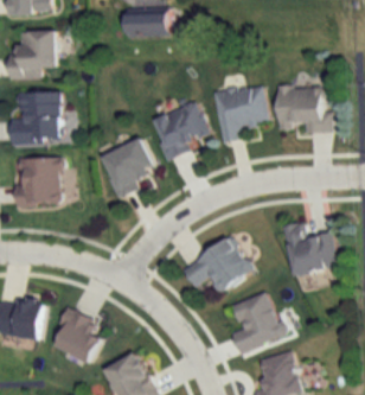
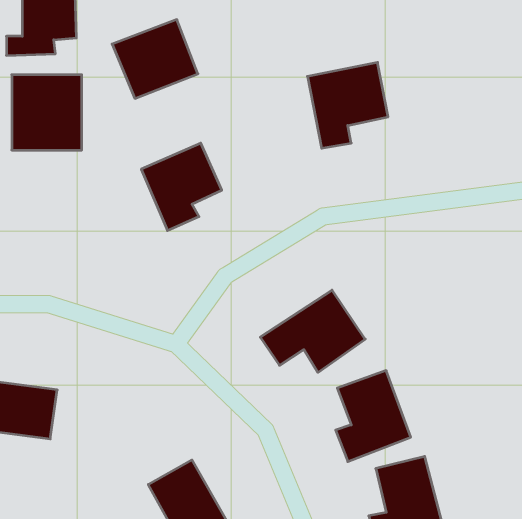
building: [276,87,329,133] -> none
building: [152,102,210,155] -> [112,20,198,98]
building: [13,158,59,208] -> none
building: [281,222,338,278] -> none
building: [51,308,100,361] -> none

